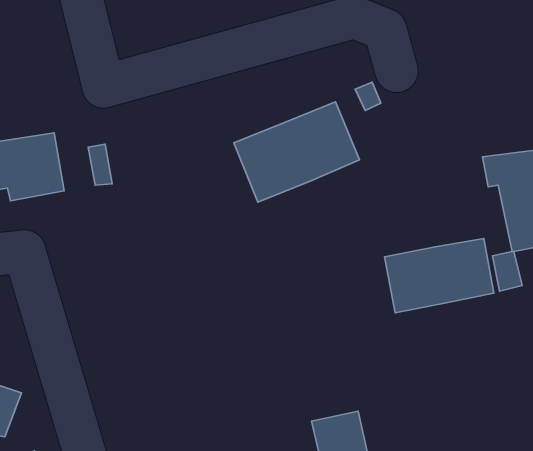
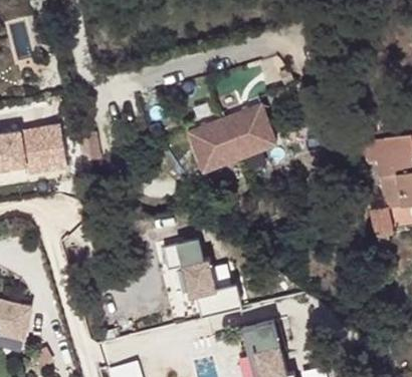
building: [384,238,494,313] -> none
building: none -> [164,239,242,318]

